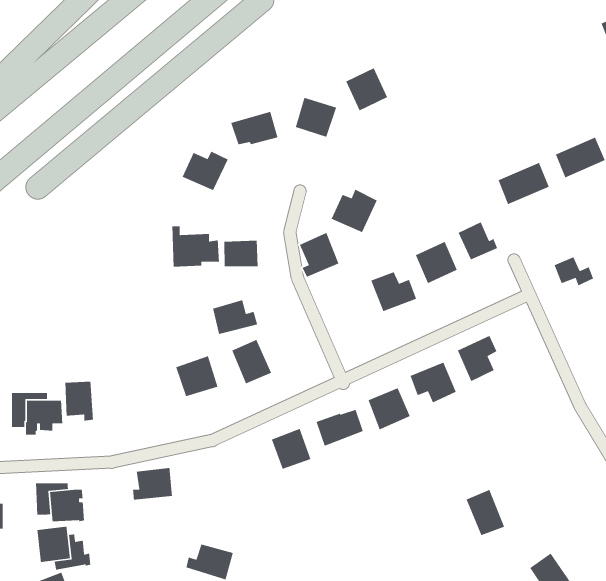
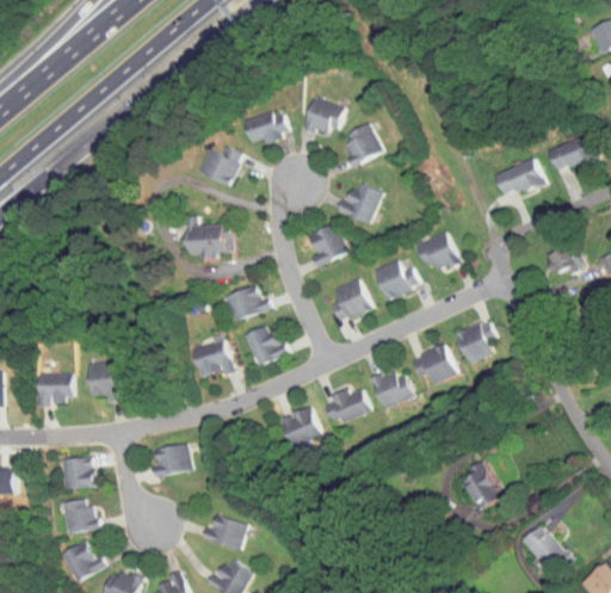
building: [345,67,388,112] -> [341,123,382,165]
building: [458,221,498,261] -> none
building: [223,240,258,267] -> none
building: none -> [332,279,370,321]

